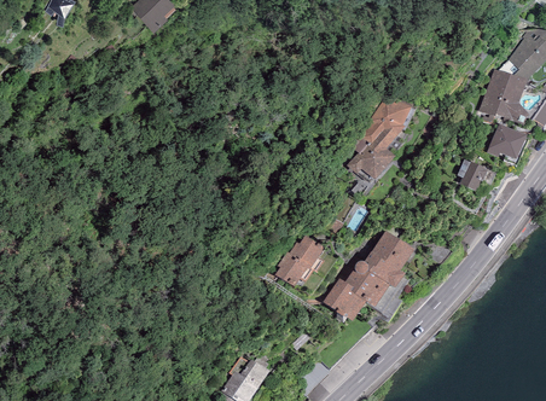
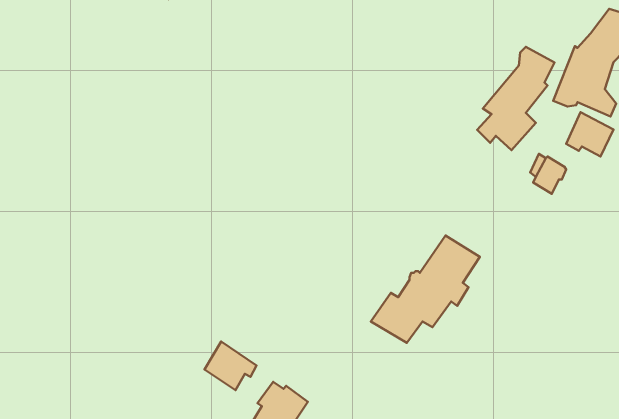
building: [345,97,411,184] -> [477,47,555,150]
building: [275,234,325,286] -> none
building: none -> [205,341,257,390]

